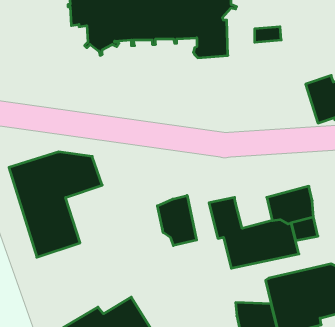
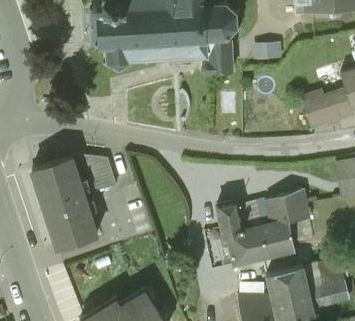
building: none -> [238,197,271,227]
building: [157,195,197,246] -> none

